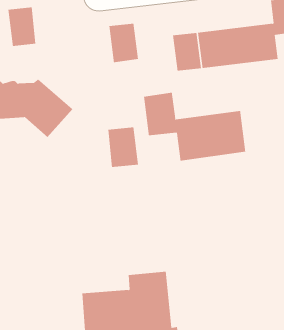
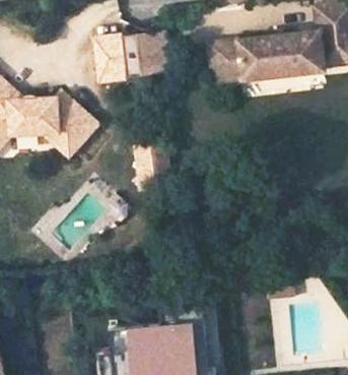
building: [8,7,36,46] -> [94,39,126,82]
building: [144,92,246,161] -> none

